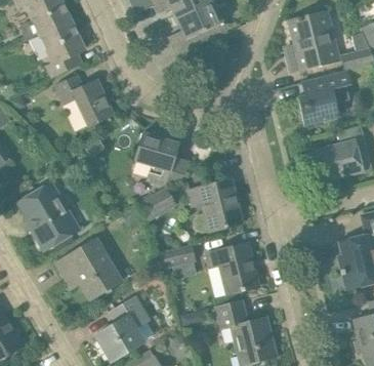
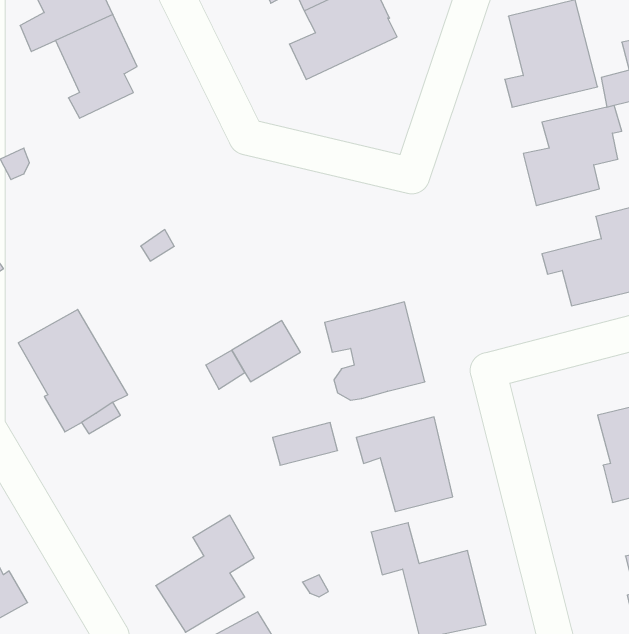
building: [55,74,114,126] -> none
building: [135,132,190,187] -> none
building: [52,238,121,299] -> none

